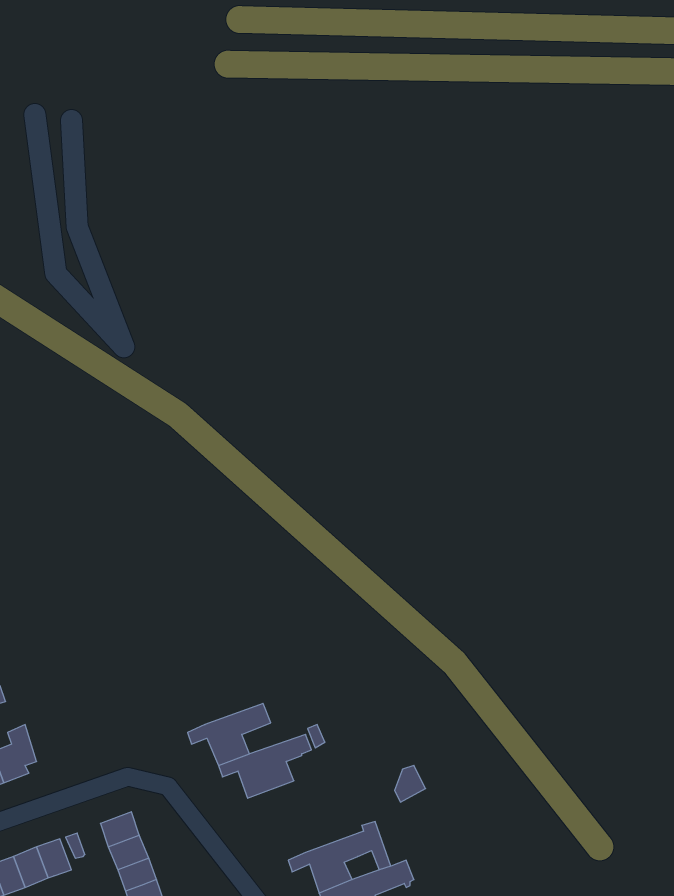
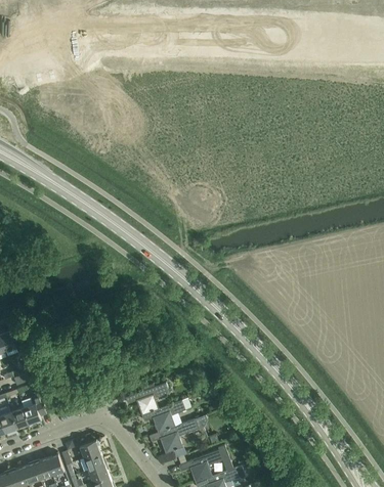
building: none -> [148,419,198,453]

